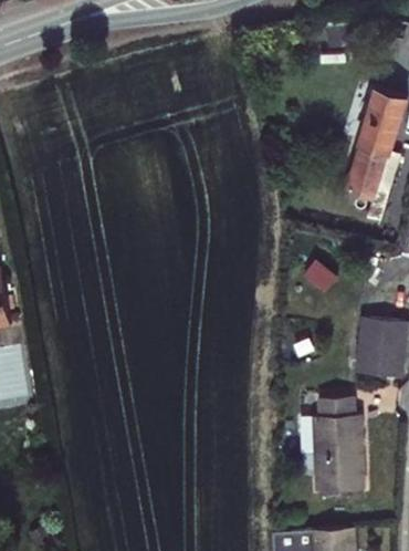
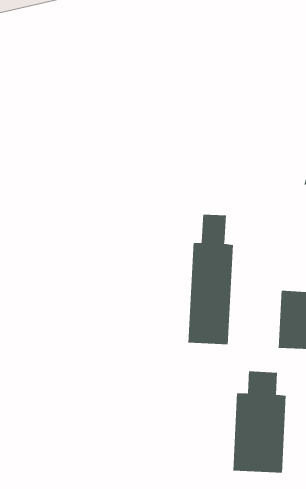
building: none -> [188,214,234,345]

